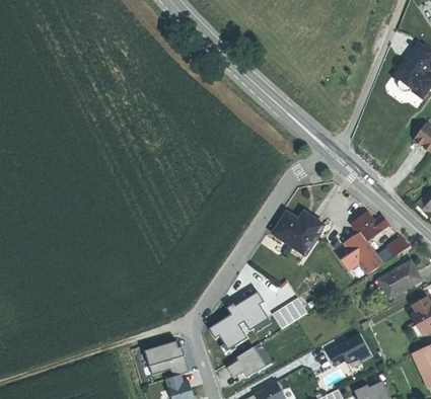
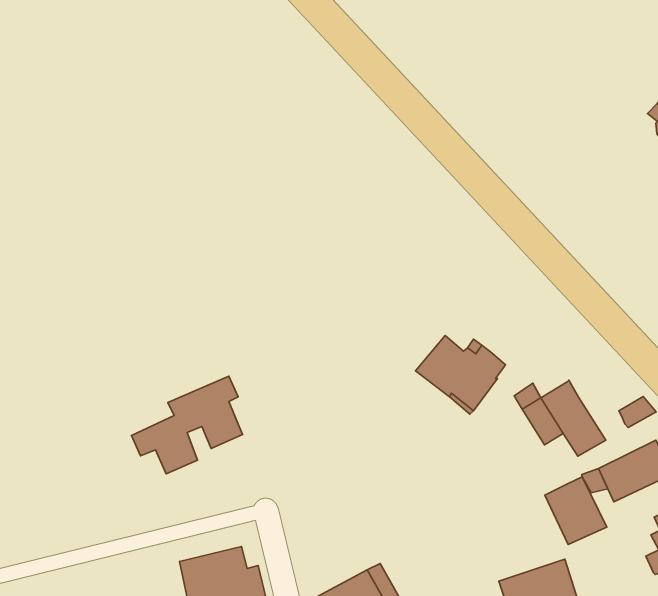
building: [351,213,388,241] -> none
building: none -> [545,477,607,545]
building: [210,291,273,348] -> [131,376,242,474]
building: [273,297,308,328] -> none

